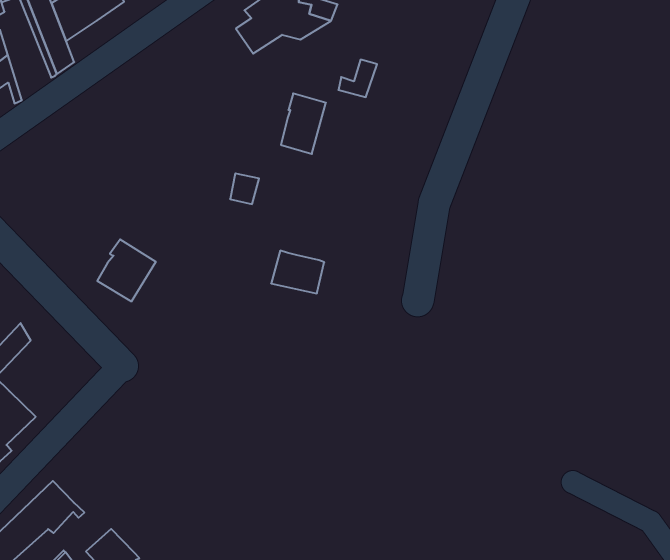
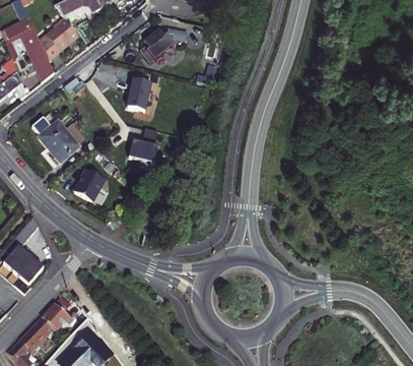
building: [281,93,326,154] -> [127,79,150,112]
building: none -> [42,122,78,162]
building: [271,251,324,293] -> [130,140,158,163]

